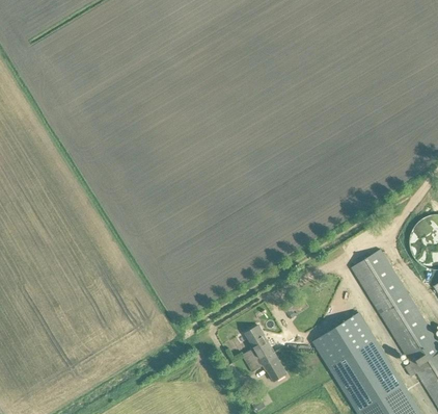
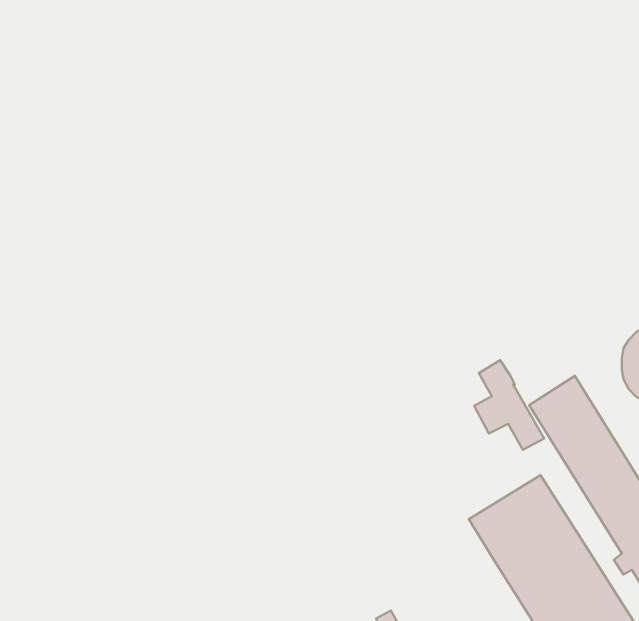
building: [242,326,286,383] -> [474,360,544,450]

